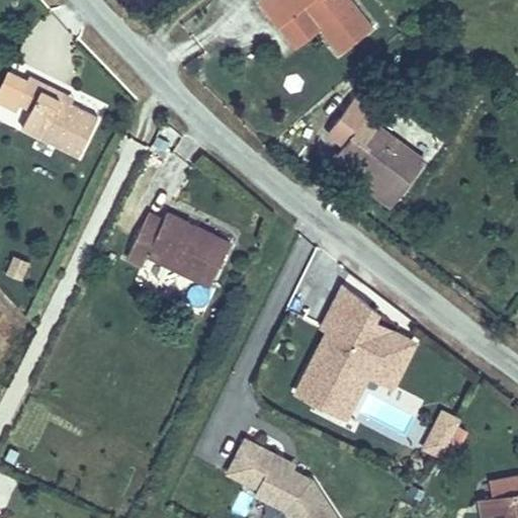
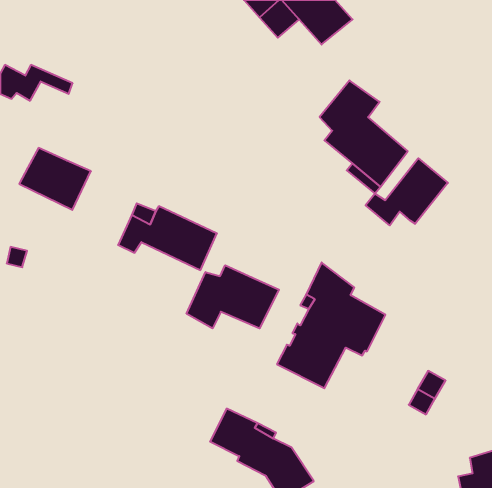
building: [25,92,100,157] -> [19,148,91,210]
building: none -> [366,158,448,225]
building: none -> [187,265,279,328]

